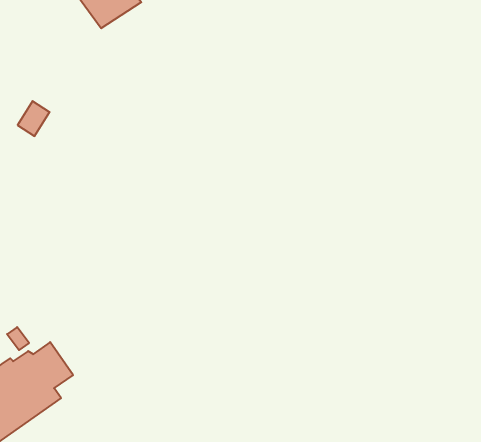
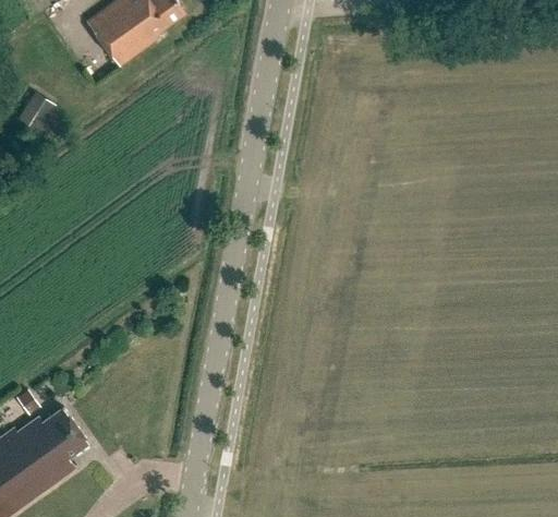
building: [18,101,50,136] -> [20,93,54,131]

